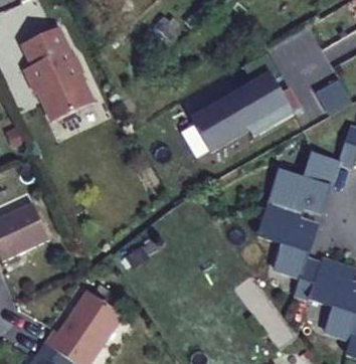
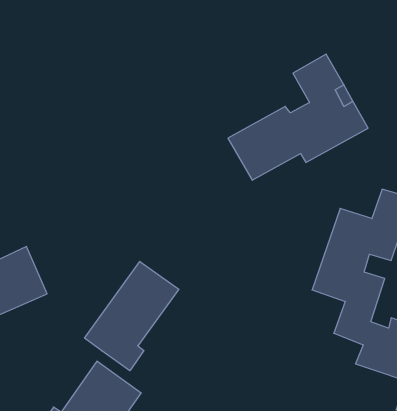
building: [24,27,95,121] -> none
building: none -> [85,261,179,371]

